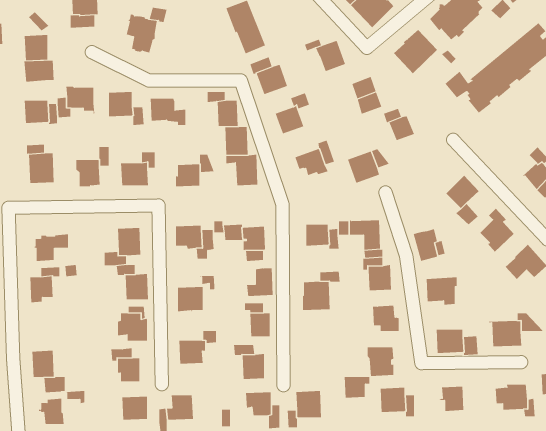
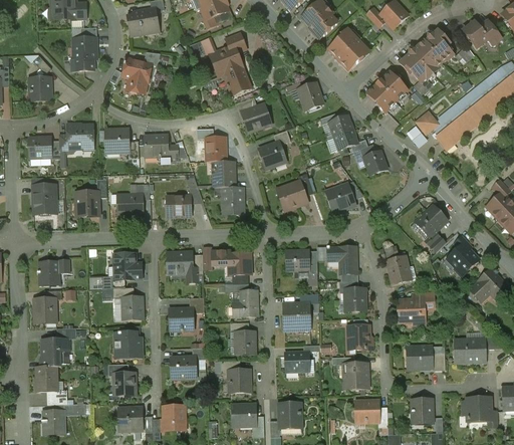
building: [24,60,54,82] -> none
building: none -> [39,339,69,367]
building: [344,376,370,398] -> [284,352,308,372]

